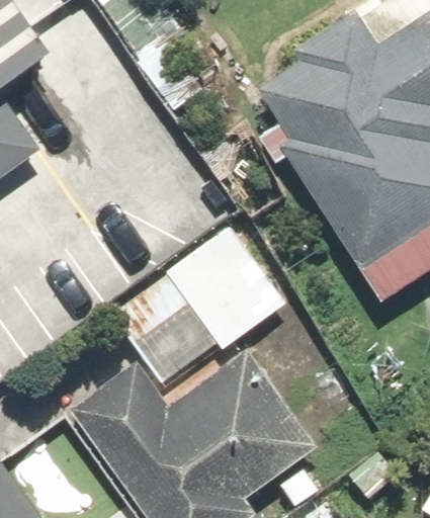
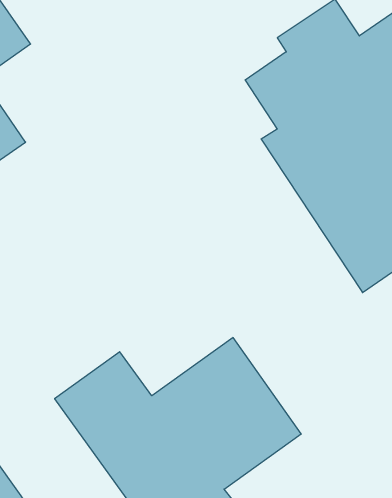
building: [113,221,291,383] -> none

